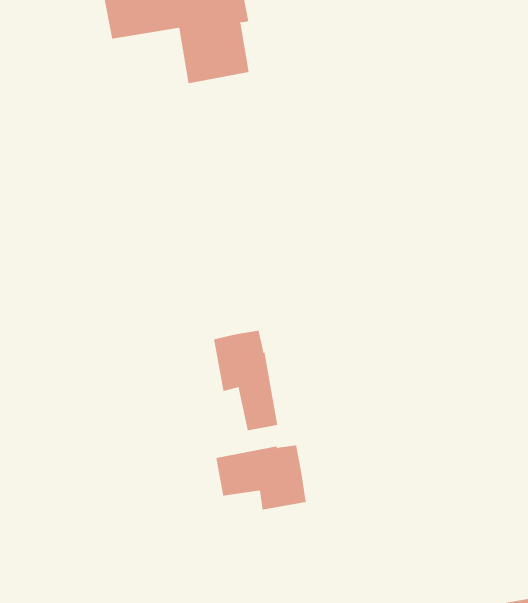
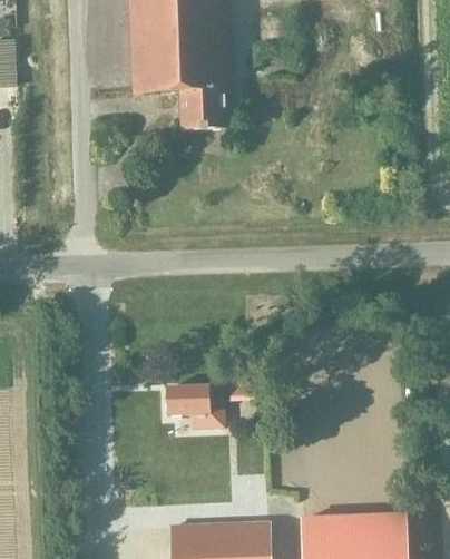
building: [213,330,278,431] -> none

